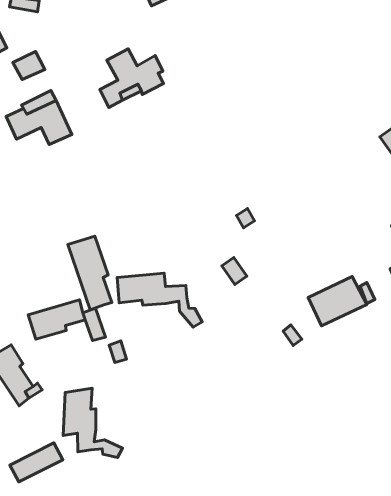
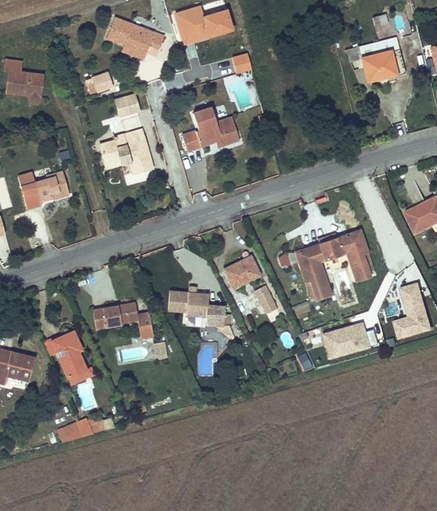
building: none -> [294,230,371,300]
building: none -> [225,255,260,286]
building: [68,236,112,310] -> none
building: [63,388,123,457] -> none

